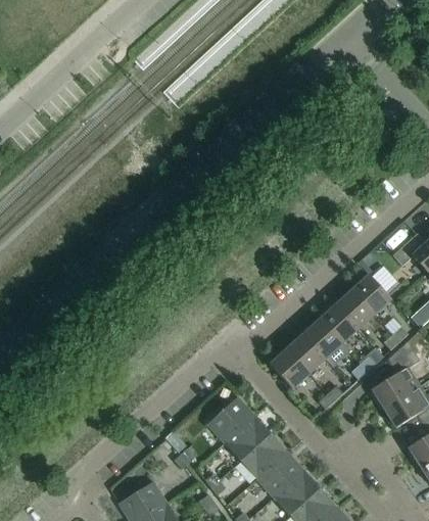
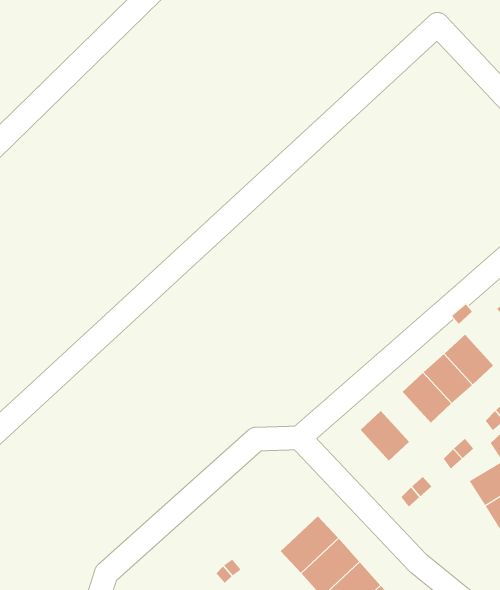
building: [302,320,348,367] -> none
building: [269,349,308,389] -> none
building: [206,396,253,443] -> none

